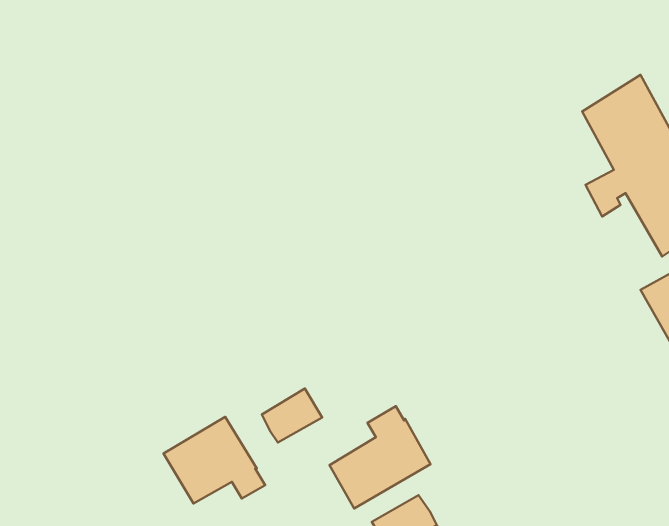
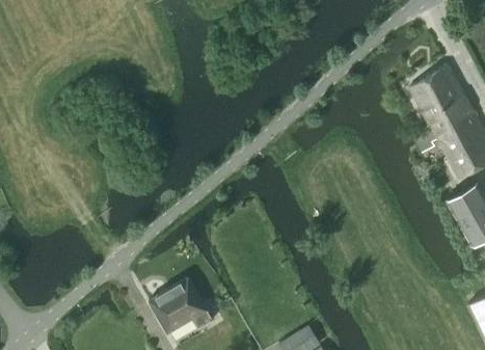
building: [262,388,322,443] -> none
building: [329,406,430,508] -> none

